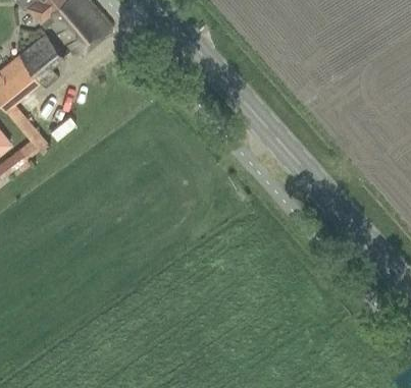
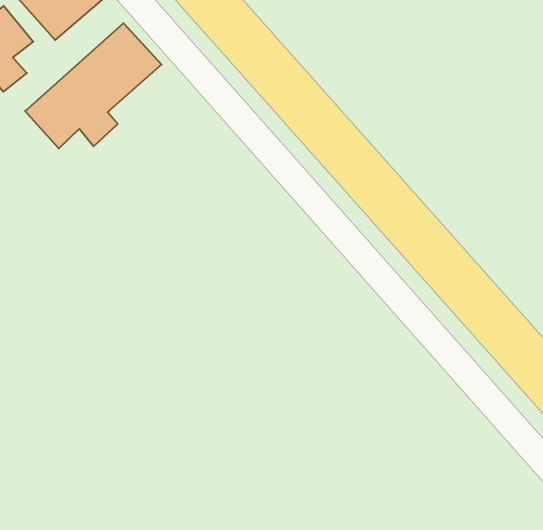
building: none -> [25,23,162,149]

